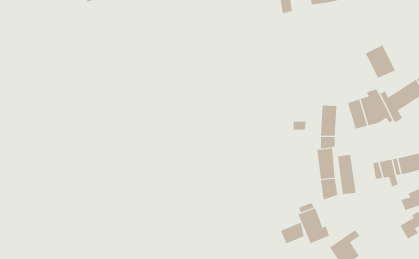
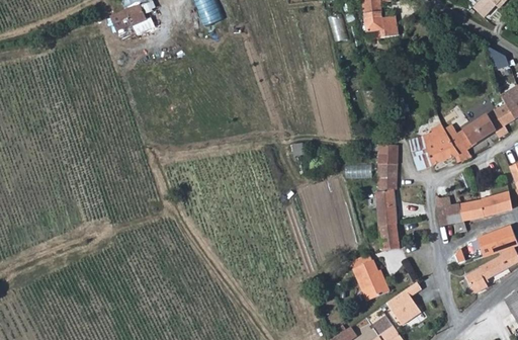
building: [365,44,396,79] -> none
building: [337,154,356,195] -> none
building: [280,222,304,244] -> none

